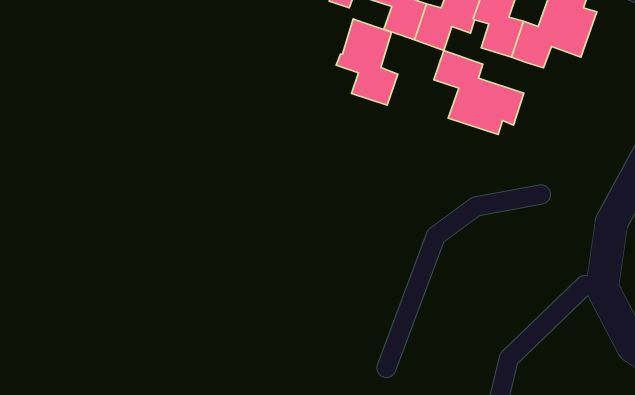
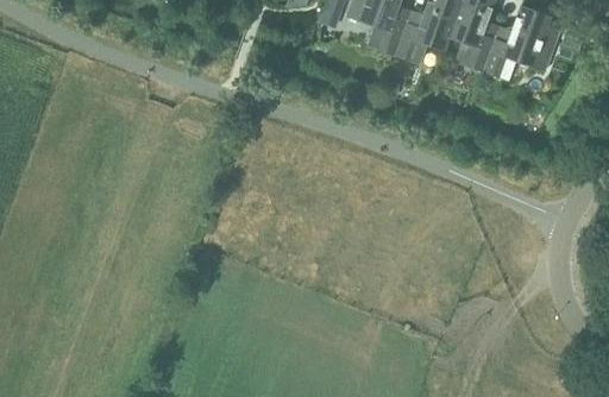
building: [336,19,398,105] -> none
building: [434,51,524,135] -> none

